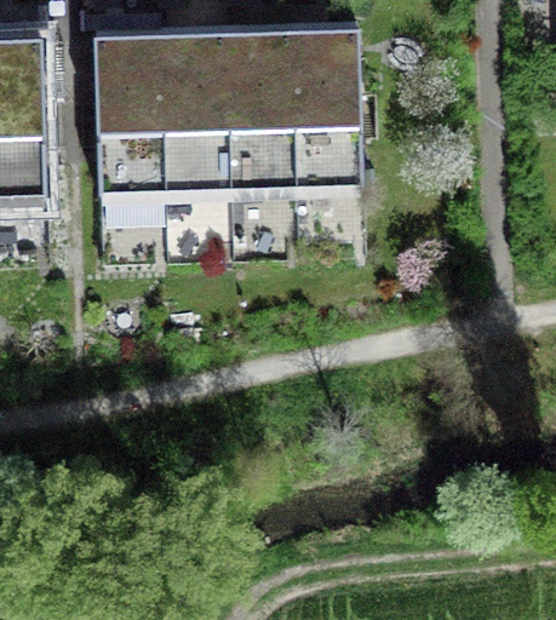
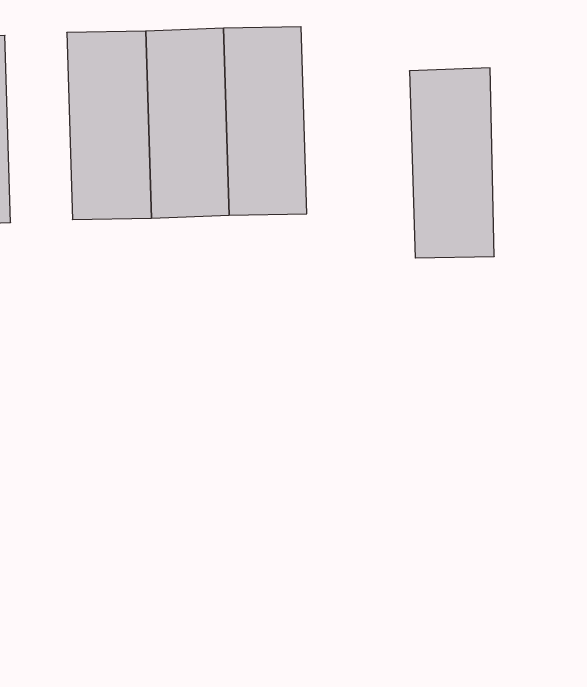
building: [292,28,363,188] -> [409,68,494,258]

